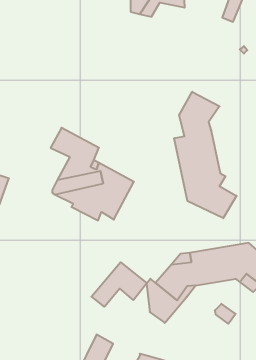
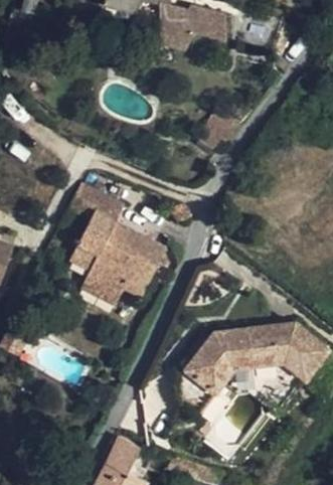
building: [174,92,237,218] -> none
building: [91,262,147,307] -> none

